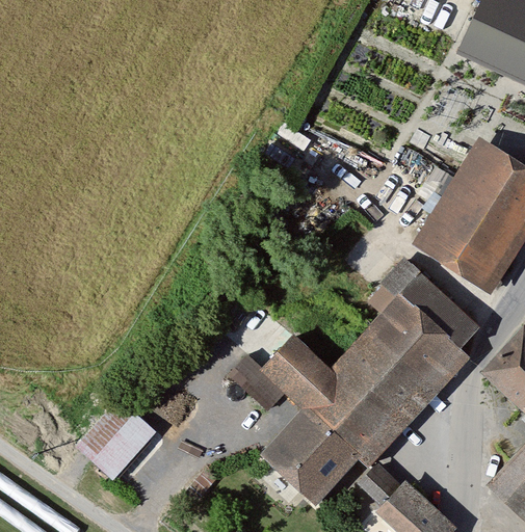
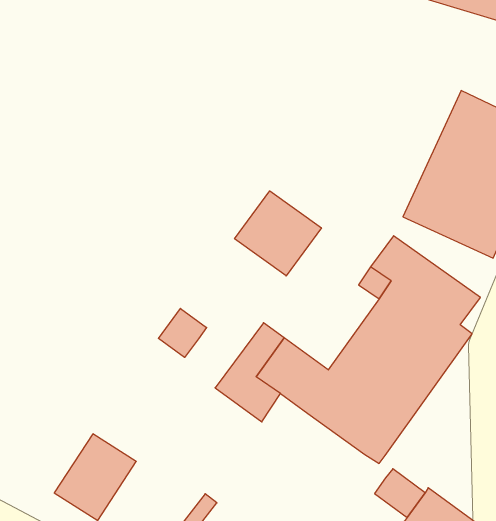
building: none -> [235,191,321,276]
building: none -> [158,308,207,357]
building: [267,408,357,499] -> none

